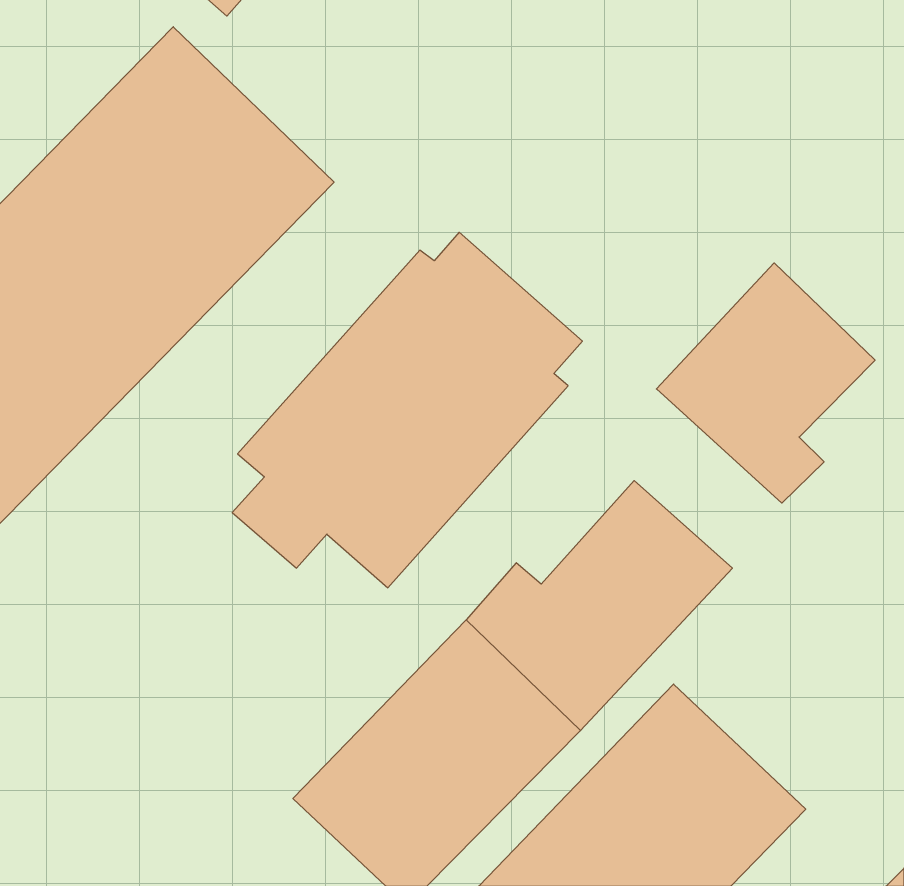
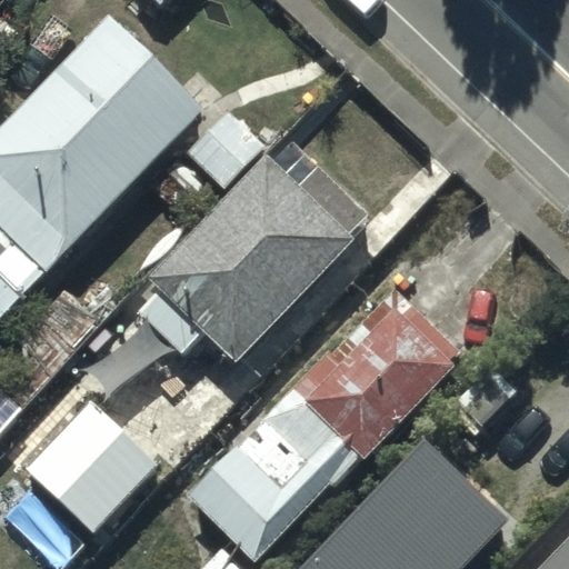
building: [656,263,875,503] -> none
building: none -> [27,401,160,535]

